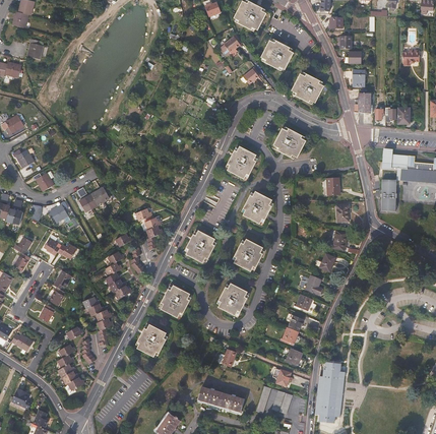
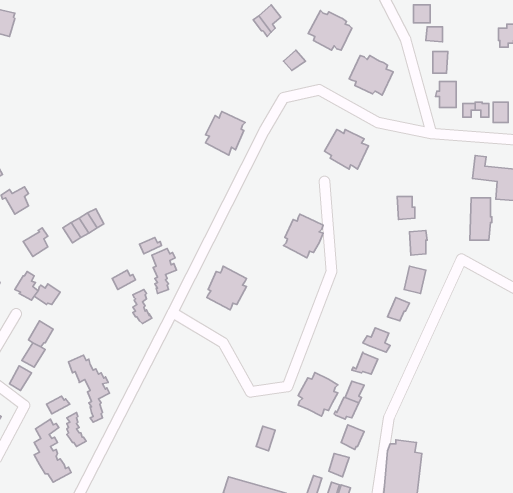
building: [227,146,256,179] -> [205,111,245,155]
building: [234,239,262,271] -> none
building: [105,251,131,299] -> none
building: [217,283,247,315] -> [298,372,338,416]
building: [161,285,189,317] -> none
building: [136,324,166,357] -> none

